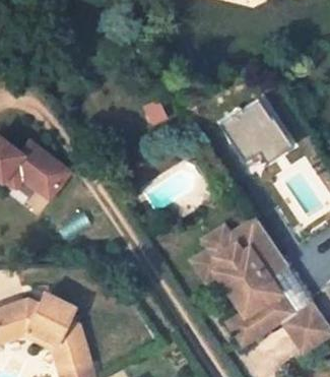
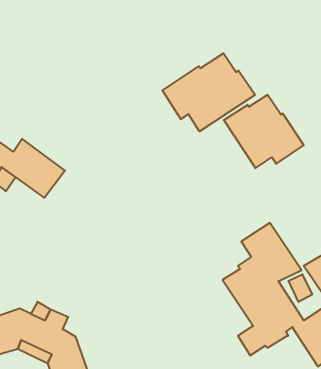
building: none -> [162,53,255,131]
building: [191,225,241,277] -> none

